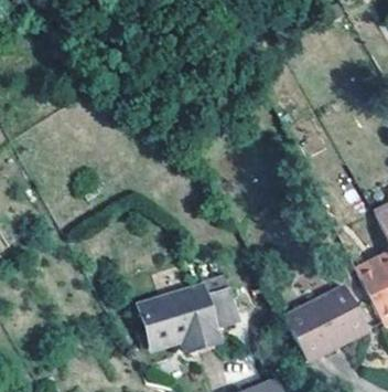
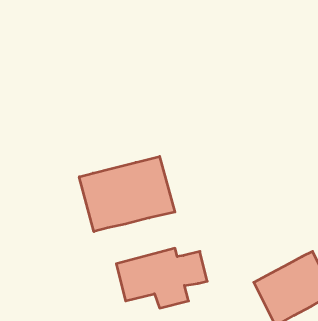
building: none -> [79,156,175,232]

